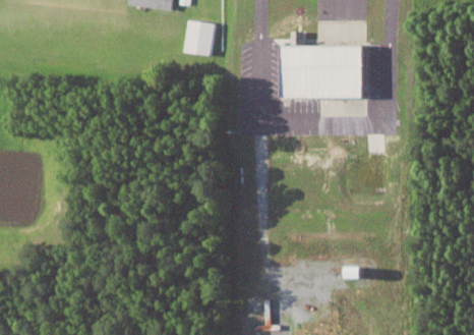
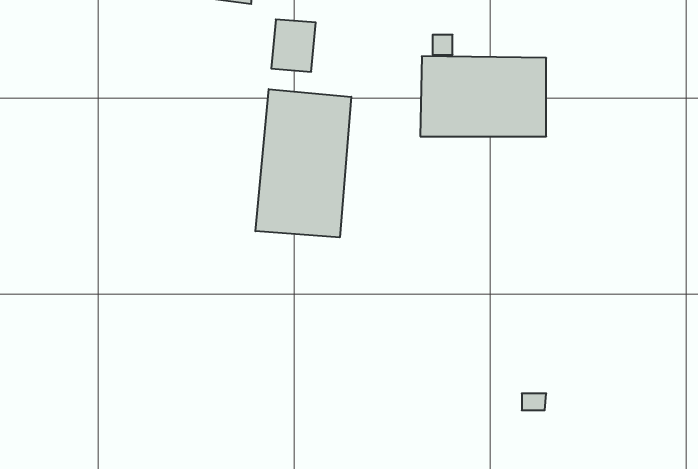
building: none -> [255,89,351,237]

